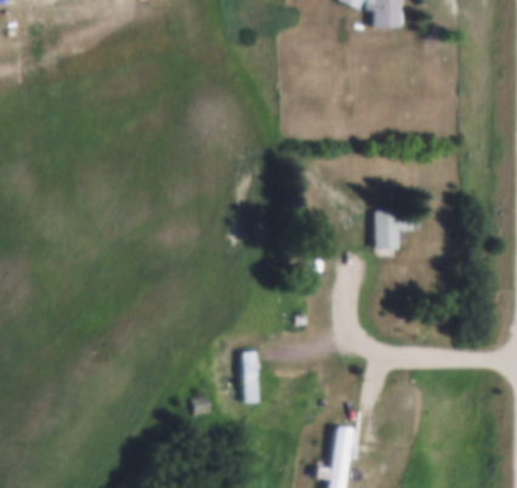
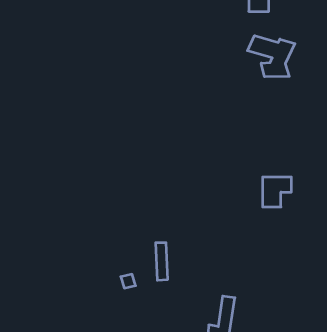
building: none -> [247,36,295,77]
building: [374,209,414,250] -> [263,177,291,207]

